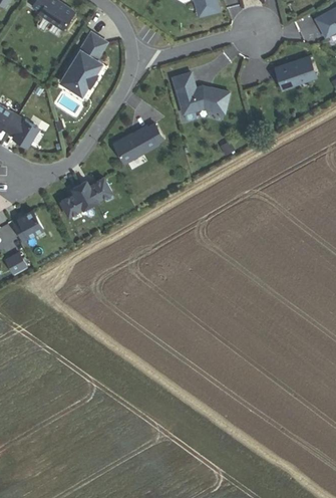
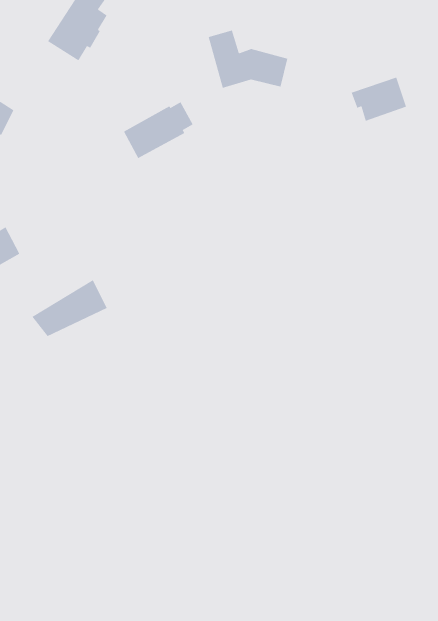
building: [276,57,315,88] -> [351,77,407,121]
building: [59,176,112,216] -> [31,279,108,337]

